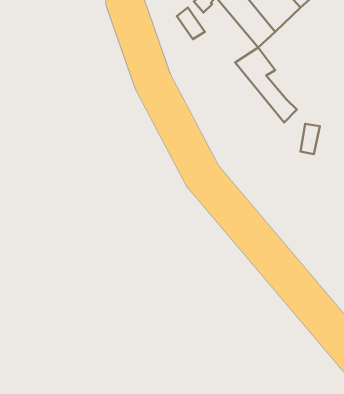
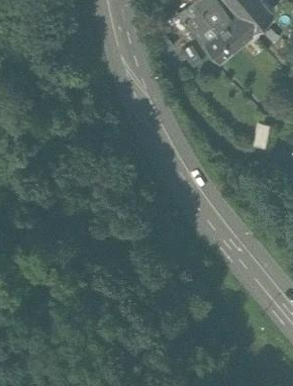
building: [235,48,297,123] -> none

